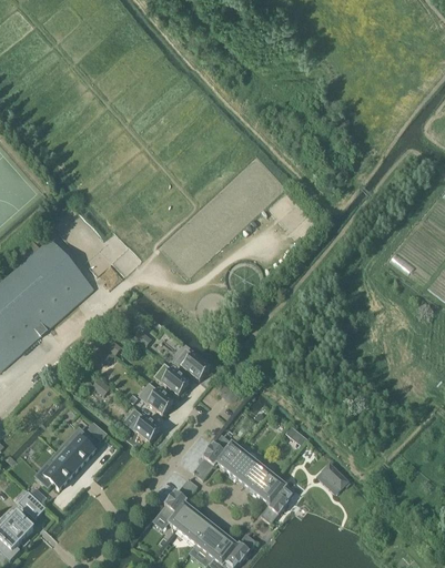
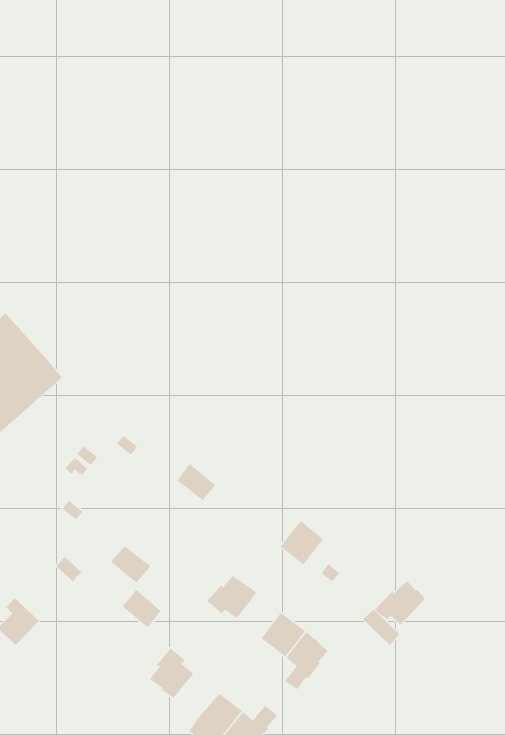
building: [158,367,189,396] -> none
building: [142,386,172,416] -> [122,589,161,629]
building: [57,437,94,470] -> none
building: none -> [375,581,426,626]
building: [224,449,257,484] -> [280,520,324,566]
building: [176,510,211,544] -> none

